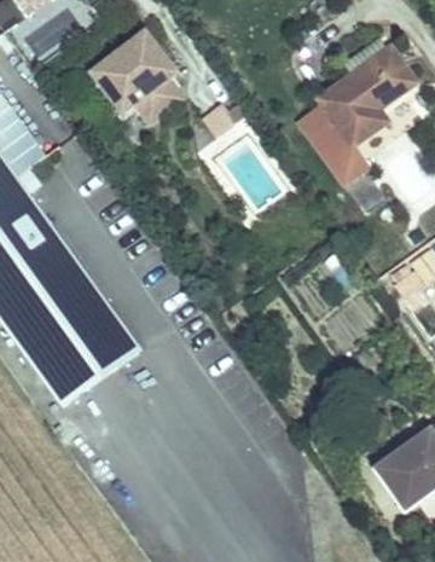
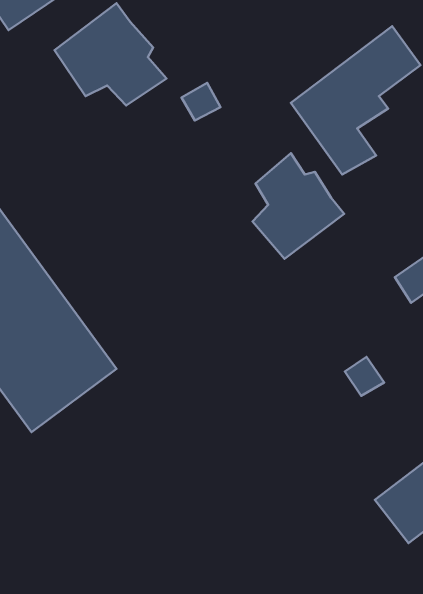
building: none -> [252,153,344,259]

